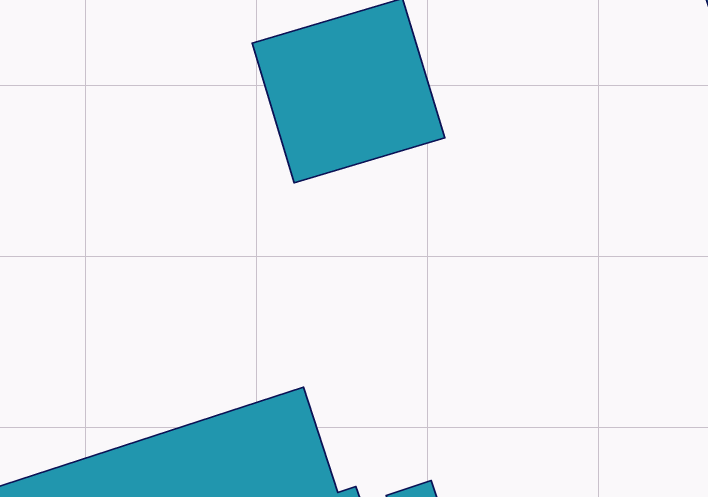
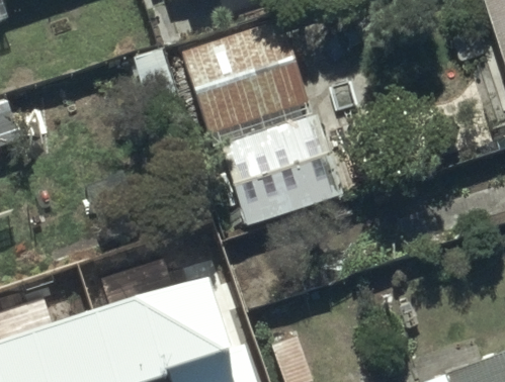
building: none -> [222,112,343,225]

